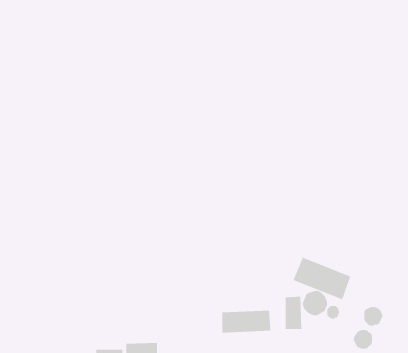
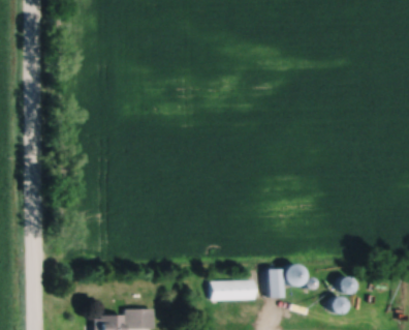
building: [293,257,351,300] -> none

